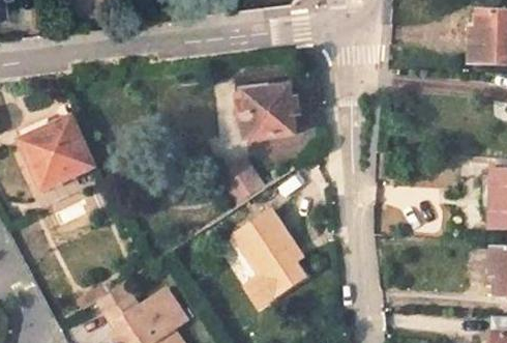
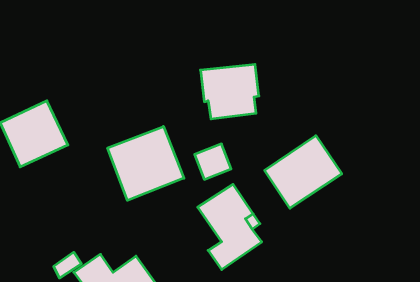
building: none -> [108,126,184,200]
building: none -> [265,136,342,208]

